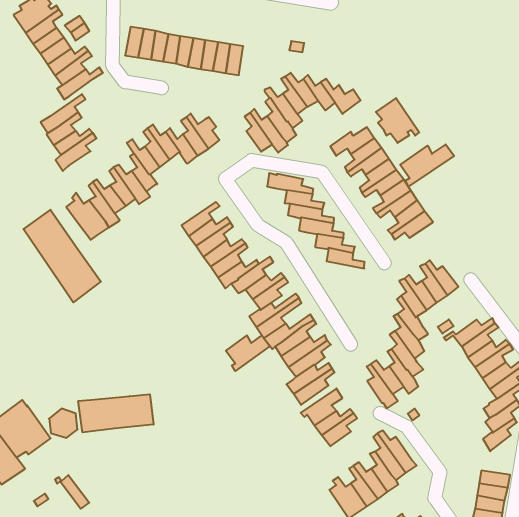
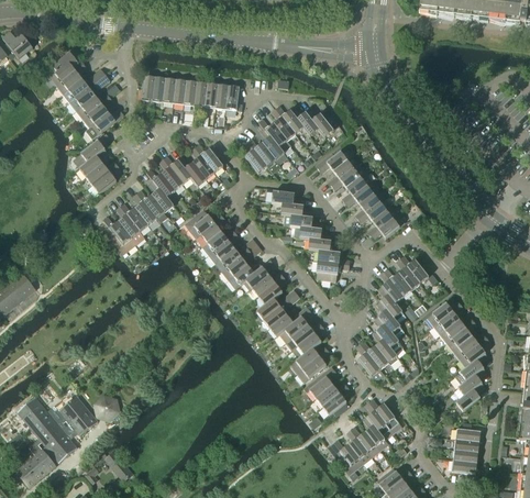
building: [376,98,419,143] -> none
building: [400,144,454,187] -> none
building: none -> [185,209,223,237]
building: [23,210,101,302] -> none
building: none -> [316,261,350,281]
building: [226,335,270,371] -> none
building: [78,394,154,432] -> none

